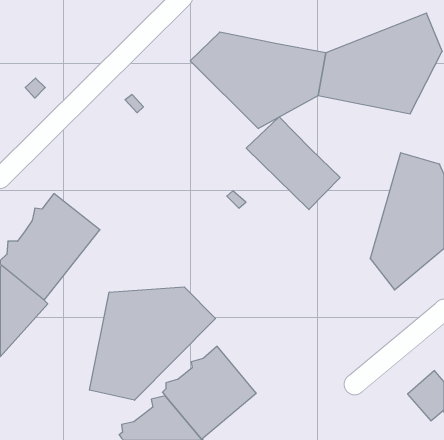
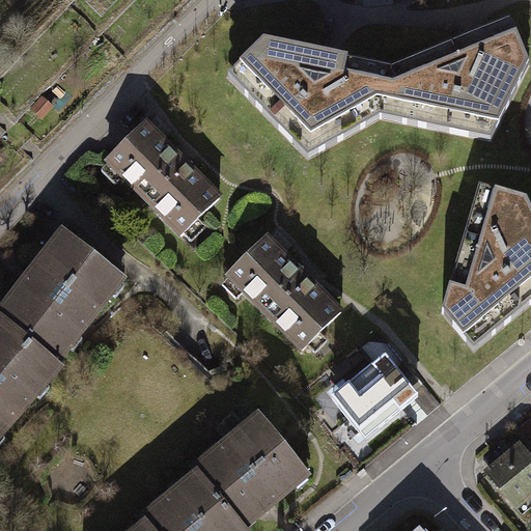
building: none -> [106,121,219,232]
building: [246,117,340,210] -> [227,235,339,346]
building: [89,287,215,400] -> none
building: none -> [331,351,419,437]

